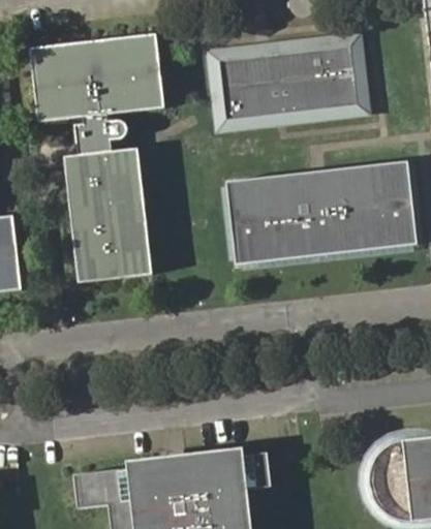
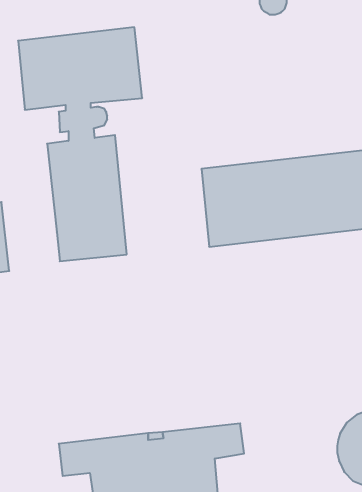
building: [206,31,371,134] -> none

